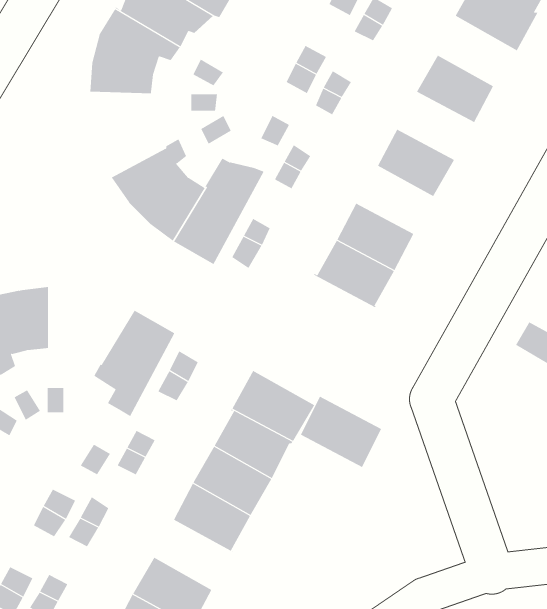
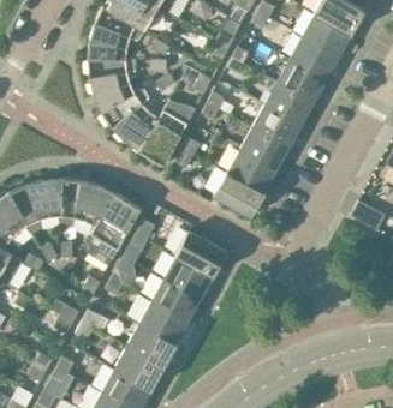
building: none -> [303,12,352,55]
building: none -> [88,59,136,112]
building: none -> [278,59,326,101]
building: none -> [252,104,300,146]
building: none -> [61,179,115,227]
building: [300,396,382,468] -> [214,172,264,216]
building: none -> [127,323,177,366]

